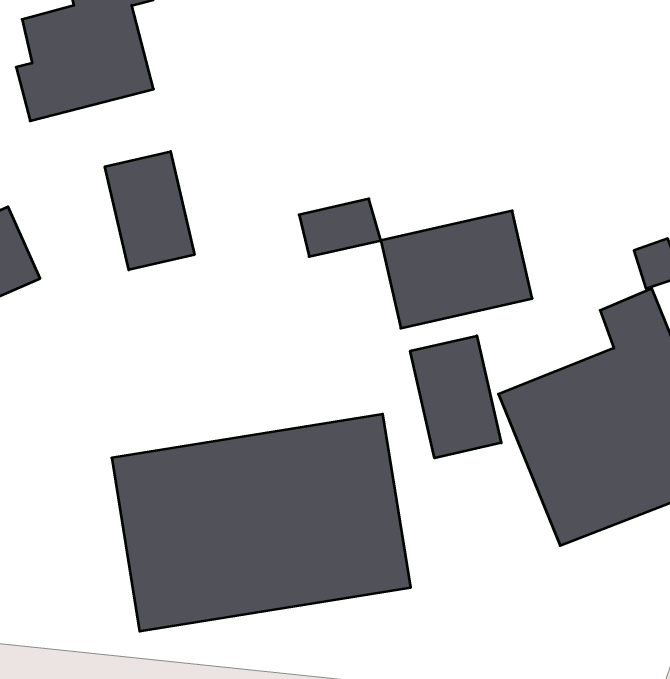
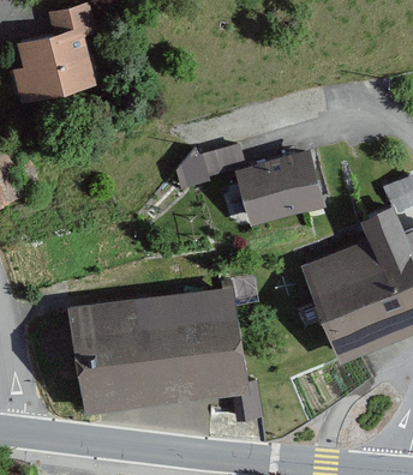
building: [105,151,194,270] -> none
building: [410,336,501,458] -> none

